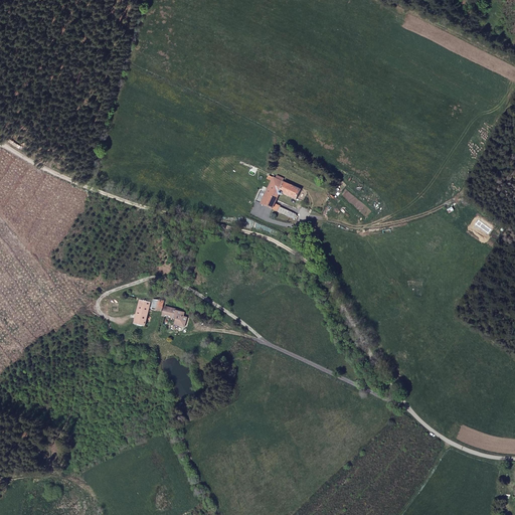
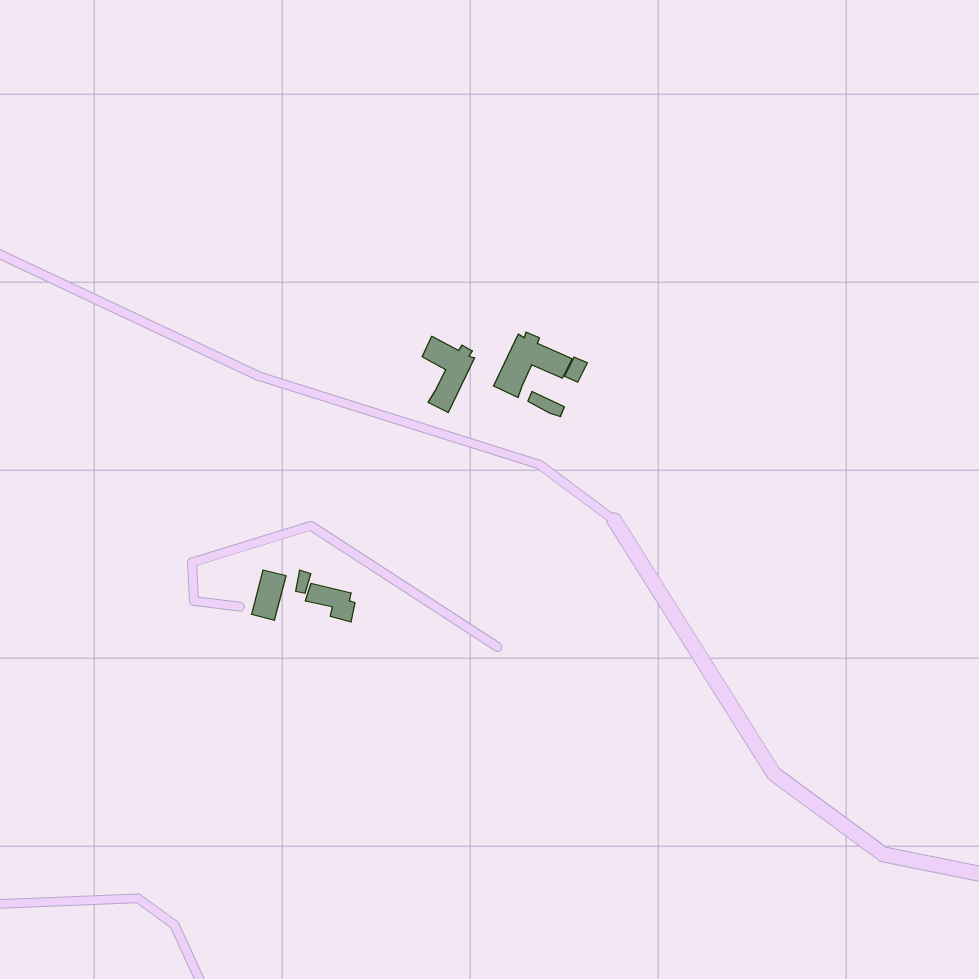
building: none -> [422,336,474,413]

